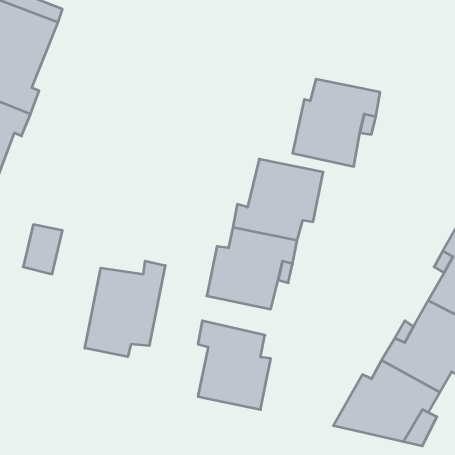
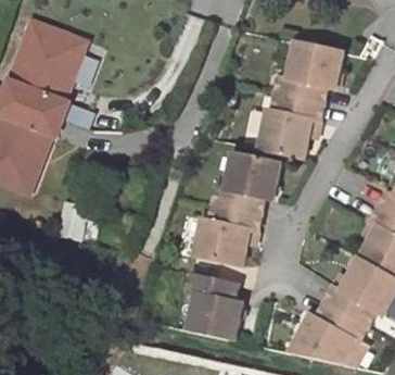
building: none -> [275,41,342,103]
building: [85,261,165,357] -> none

